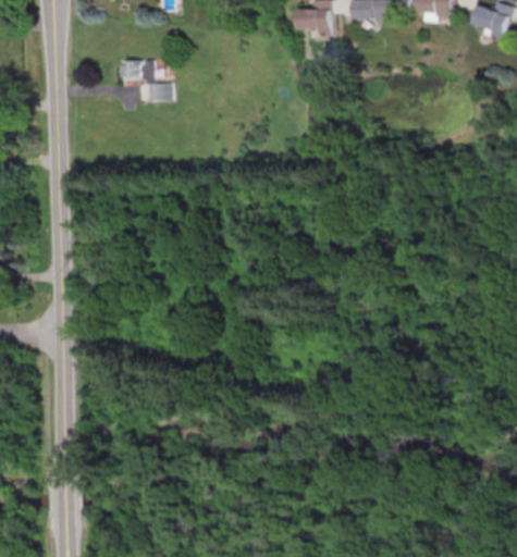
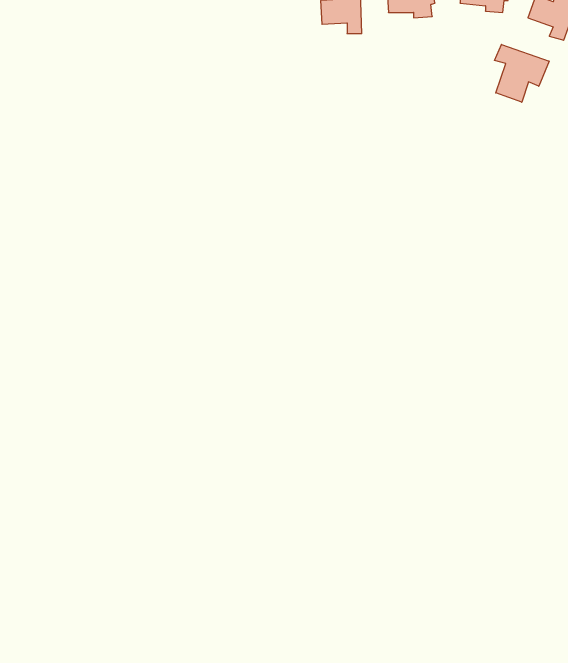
building: none -> [494,44,549,102]
building: [121,60,171,101] -> none

